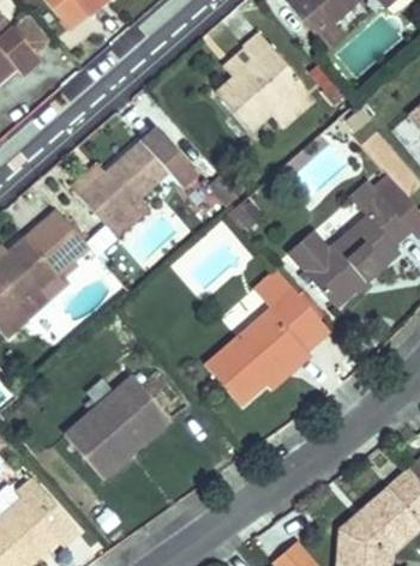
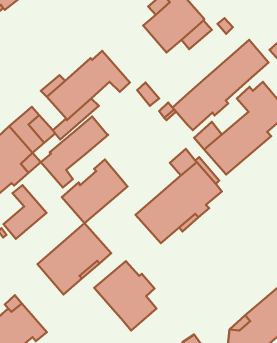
building: none -> [173,40,269,130]
building: none -> [41,116,108,187]
building: none -> [62,160,127,223]
building: none -> [3,185,46,239]
building: none -> [94,261,157,331]

